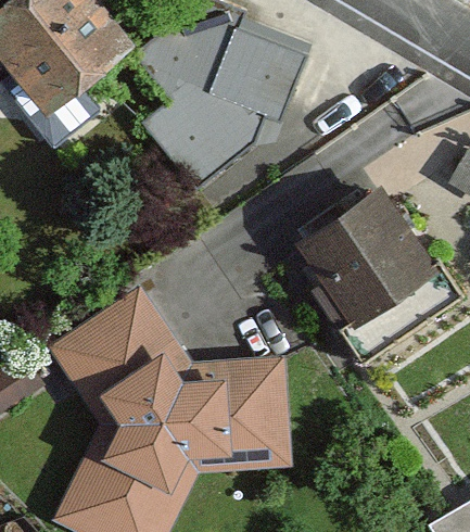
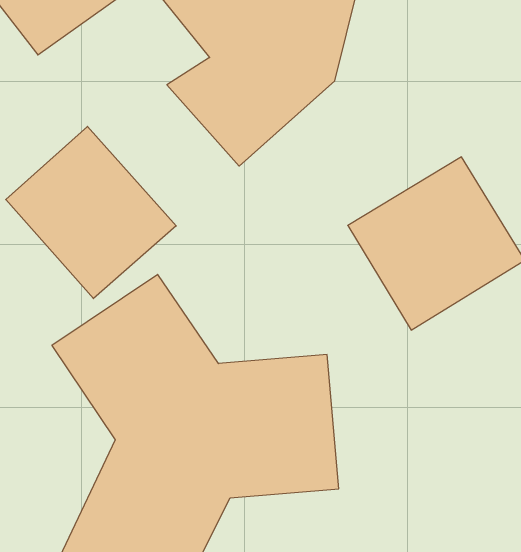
building: none -> [6,126,176,299]

